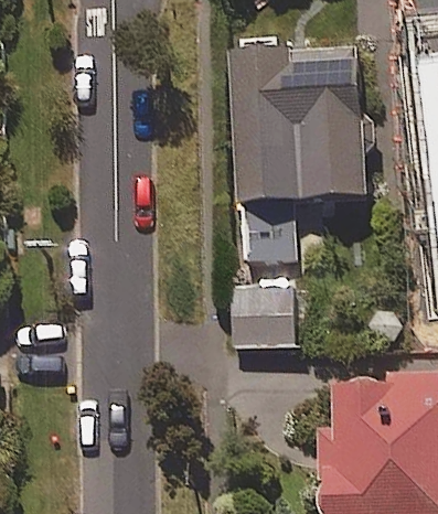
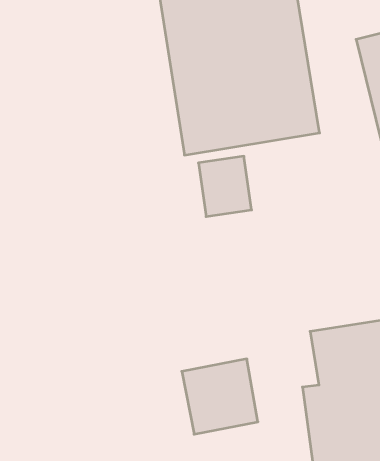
building: [228,287,293,351] -> [182,359,258,434]

